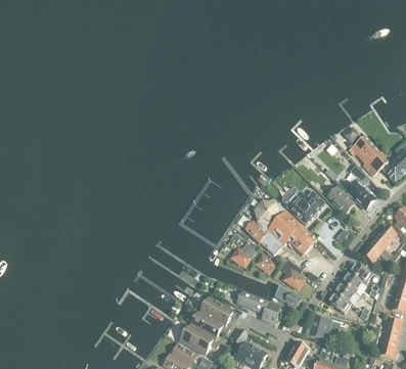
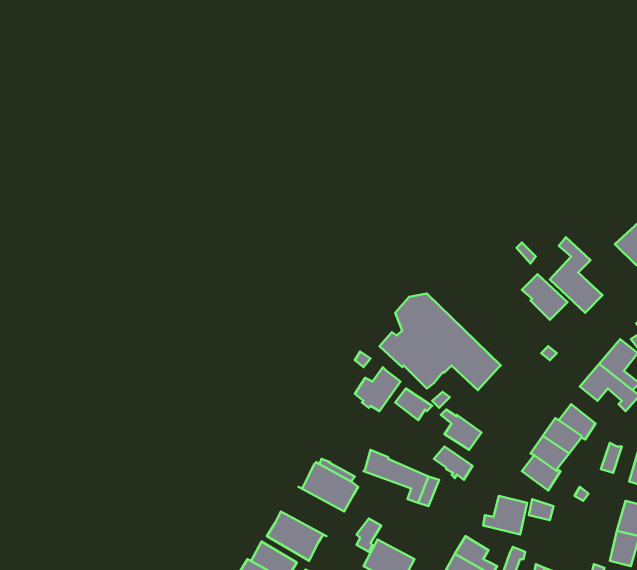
building: [344,126,388,175] -> none
building: [285,191,324,224] -> none
building: [188,311,225,339] -> none

